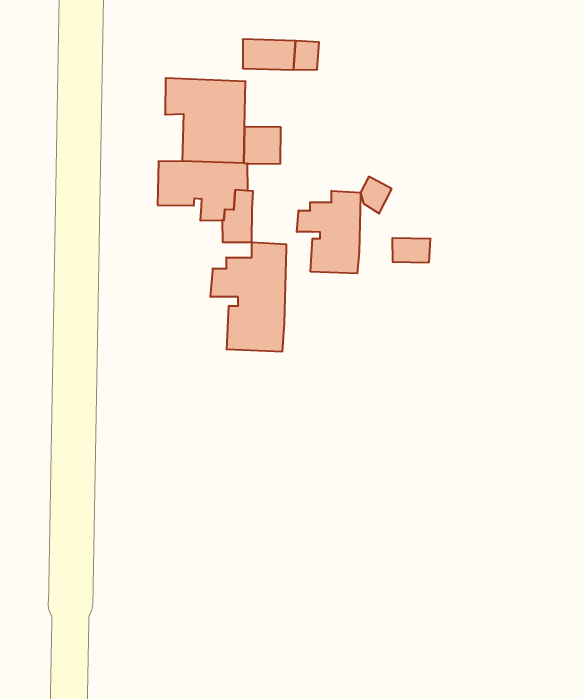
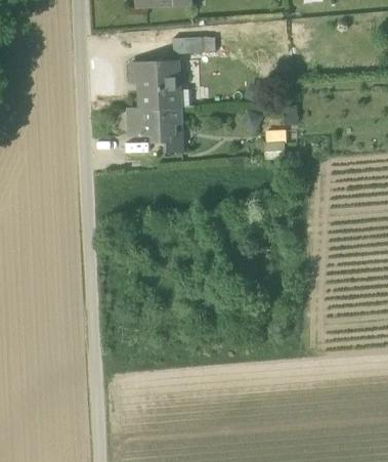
building: [297,191,361,273] -> none
building: [211,242,286,352] -> none

